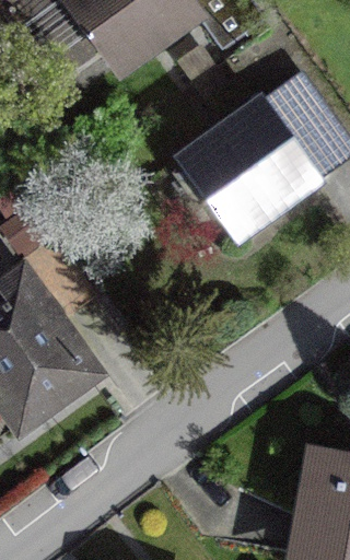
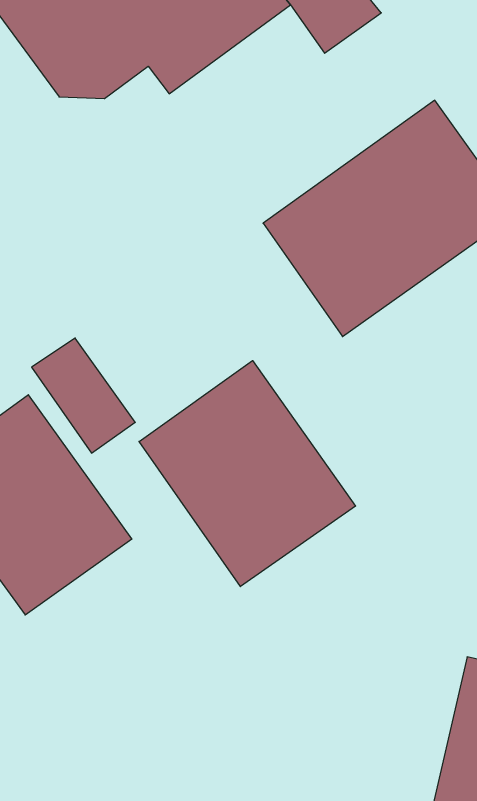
building: none -> [139,361,356,587]

